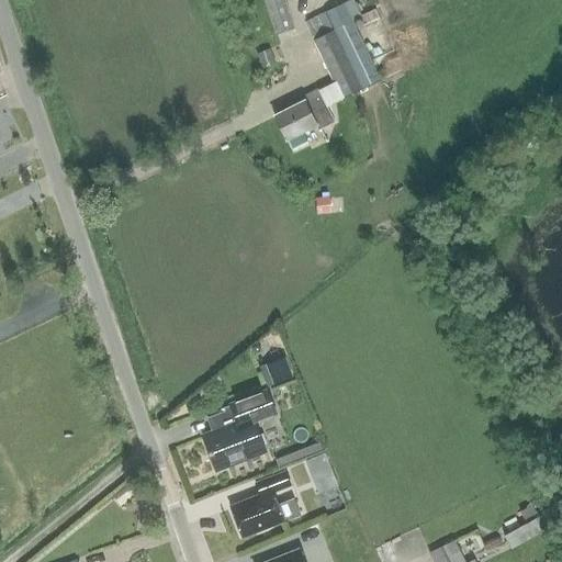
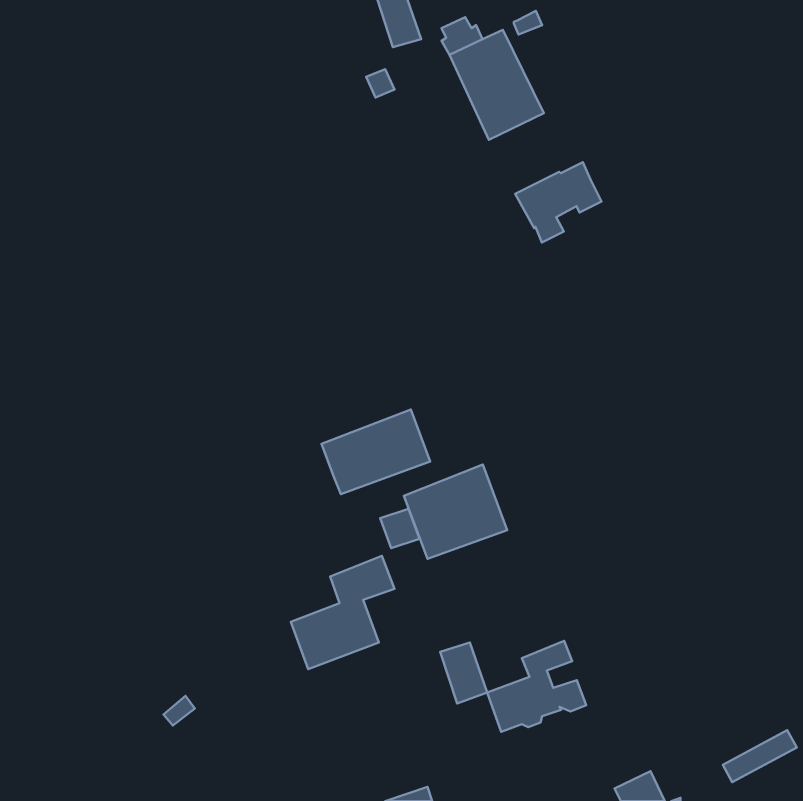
building: [273,93,334,149] -> [515,162,602,242]
building: none -> [321,409,430,494]
building: none -> [404,464,507,559]
building: [231,470,300,533] -> [487,641,586,732]

